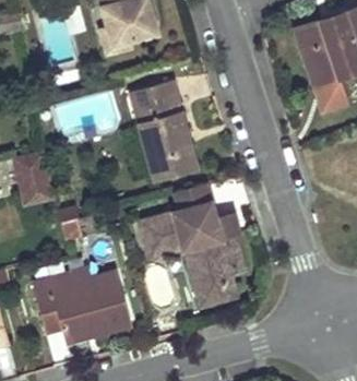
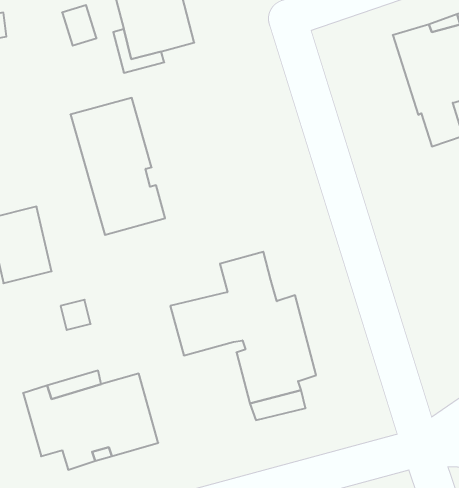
building: [129,81,198,180] -> [70,98,165,235]

